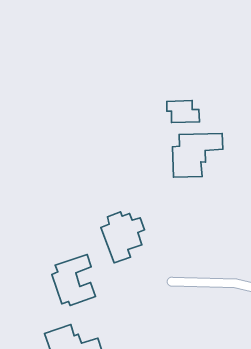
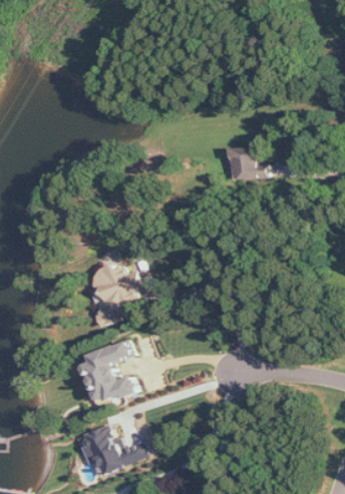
building: [173,133,223,177] -> none
building: [101,212,144,263] -> [86,263,139,325]

